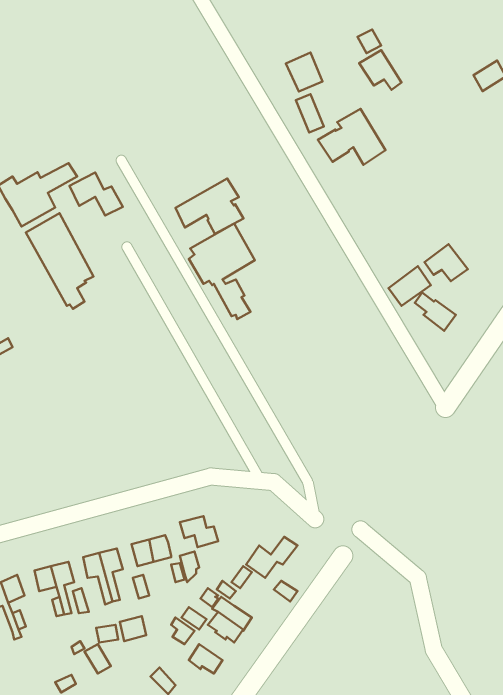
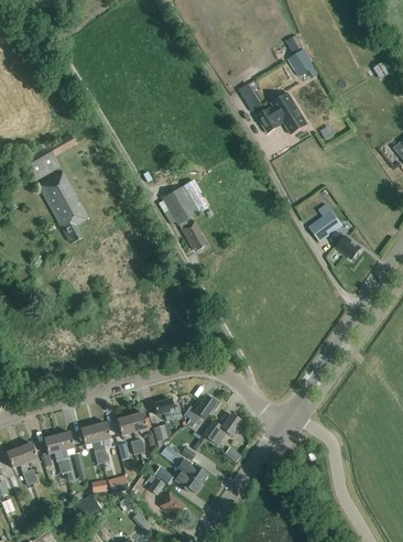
building: [286,52,323,91] -> none
building: [69,173,123,216] -> none
building: [175,179,244,234] -> none
building: [425,244,468,281] -> none
building: none -> [184,395,219,423]

